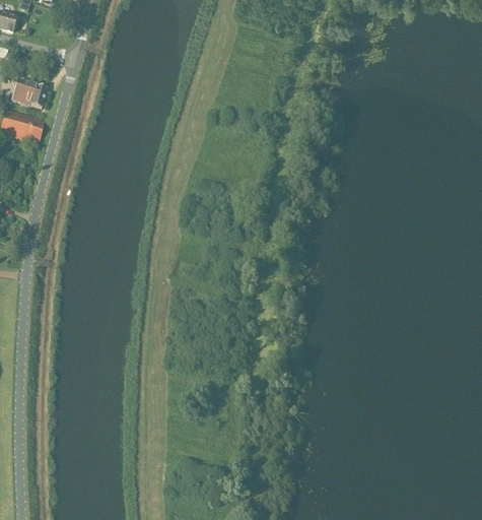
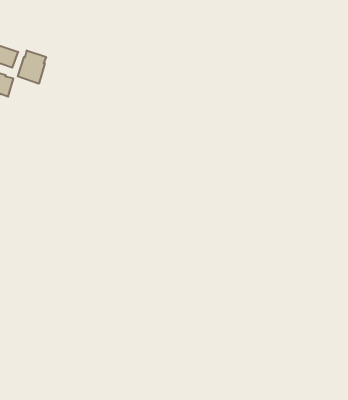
building: none -> [18,50,46,84]

